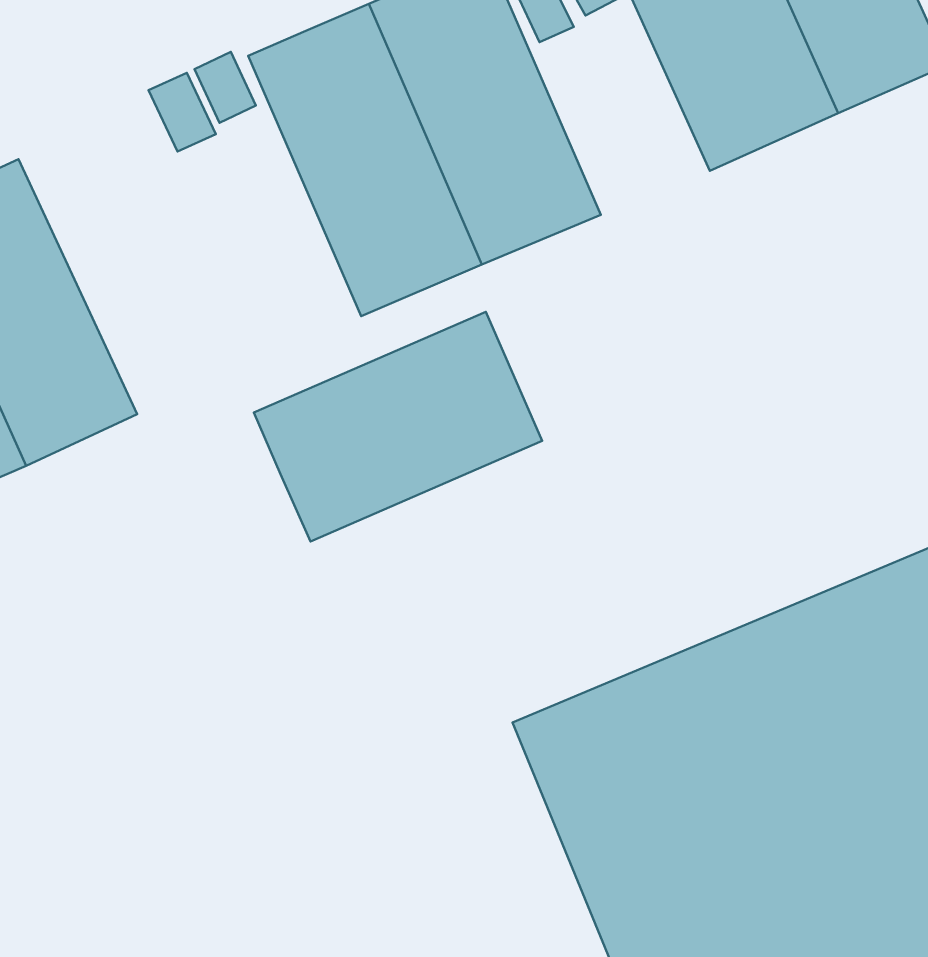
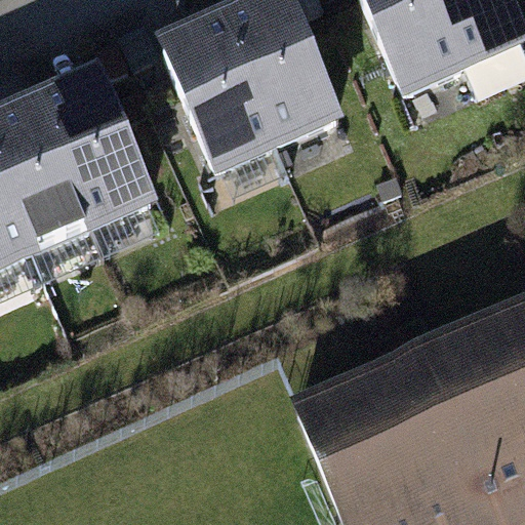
building: none -> [31,64,154,227]
building: [254,312,542,542] -> none

